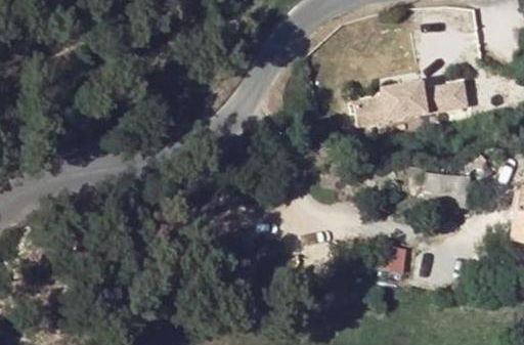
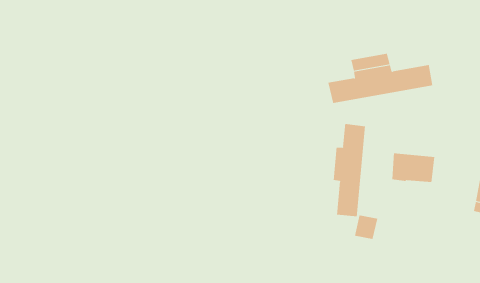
building: none -> [333,123,365,217]

